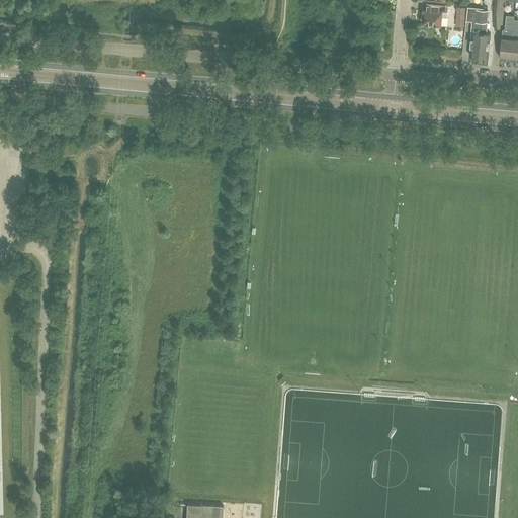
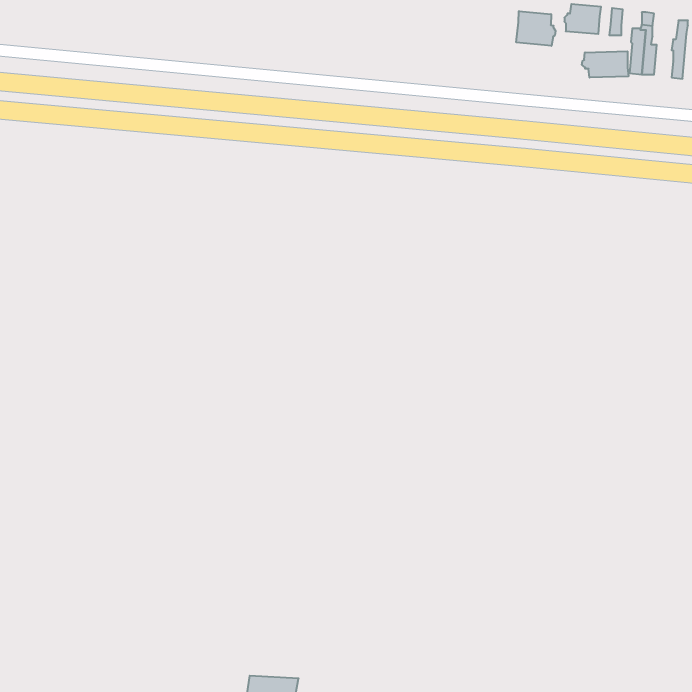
building: none -> [516,11,556,46]
building: none -> [582,51,628,78]

